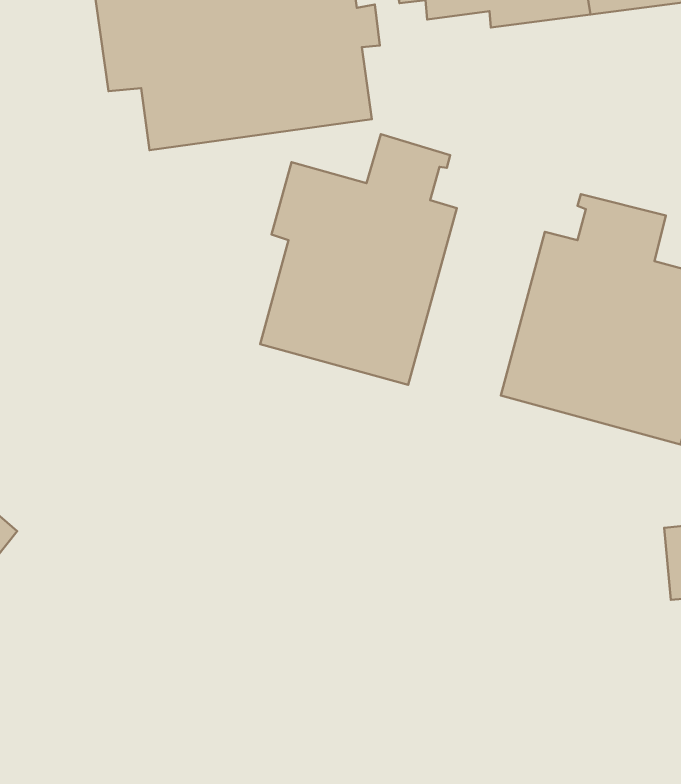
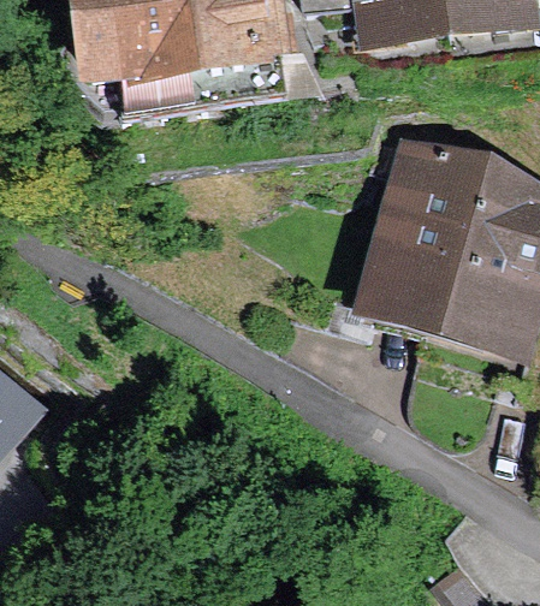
building: [260,134,457,385] -> none

